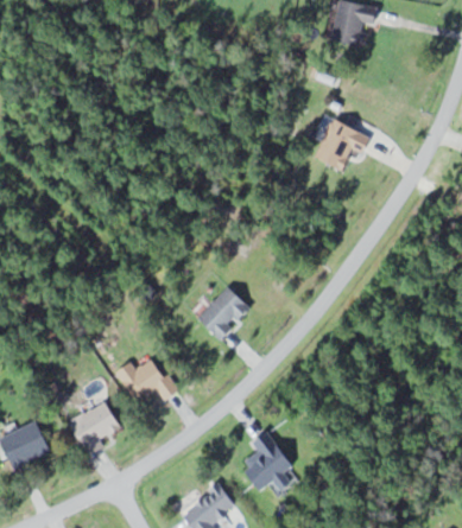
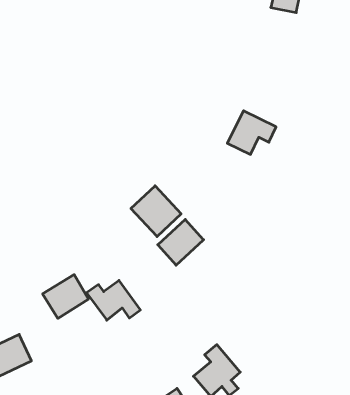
building: [314,117,371,168] -> [227,111,276,154]
building: none -> [131,186,181,237]
building: [68,400,121,451] -> [43,275,88,318]

